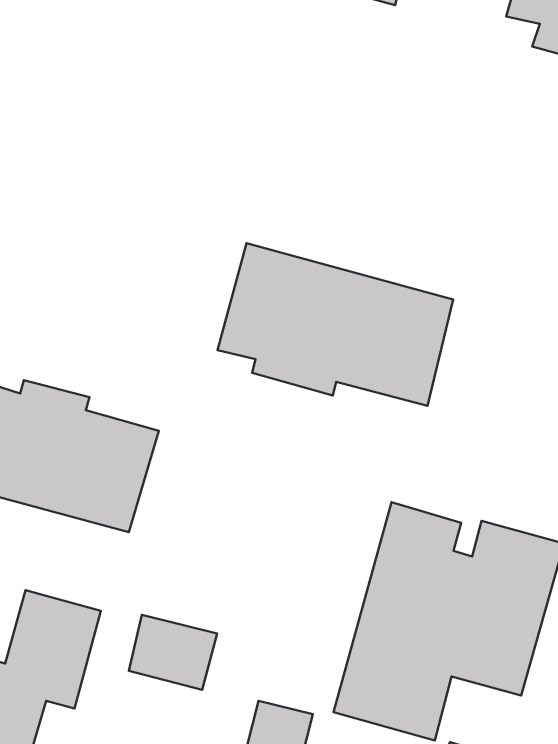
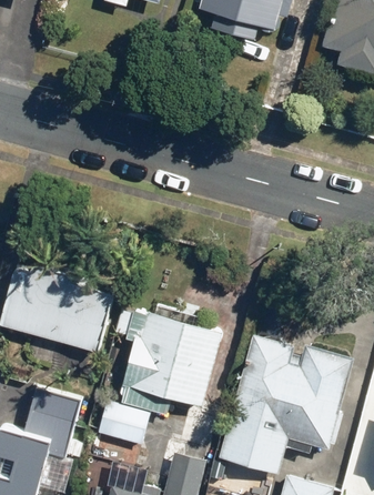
building: [218,243,453,406] -> none
building: none -> [122,309,222,405]

